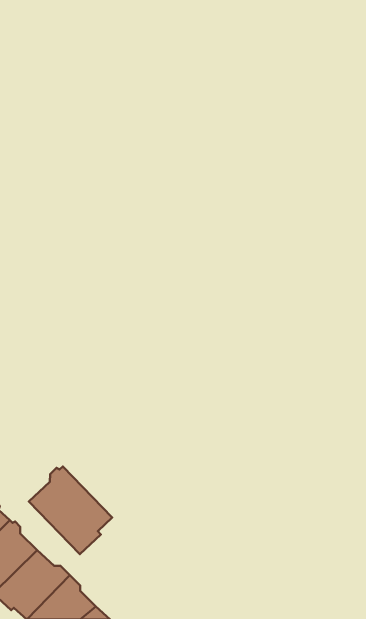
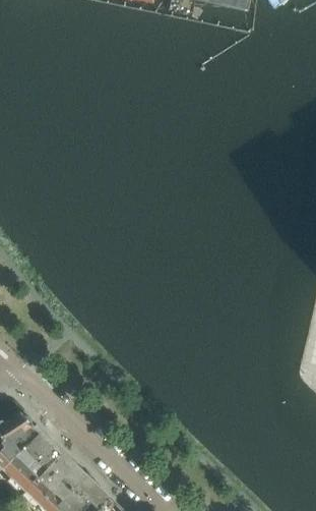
building: [29,467,112,554] -> none

